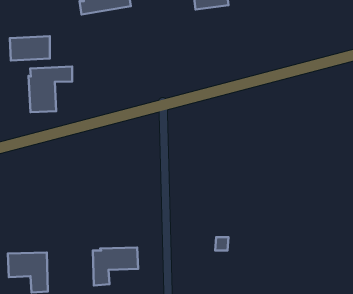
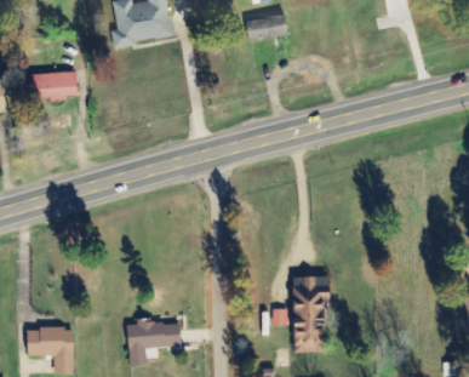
building: [28,66,72,112] -> none
building: none -> [293,275,328,350]

